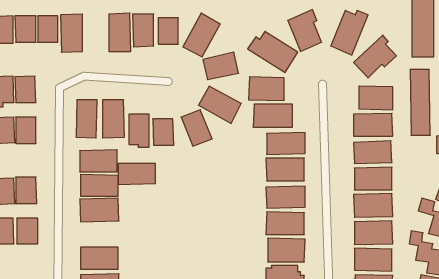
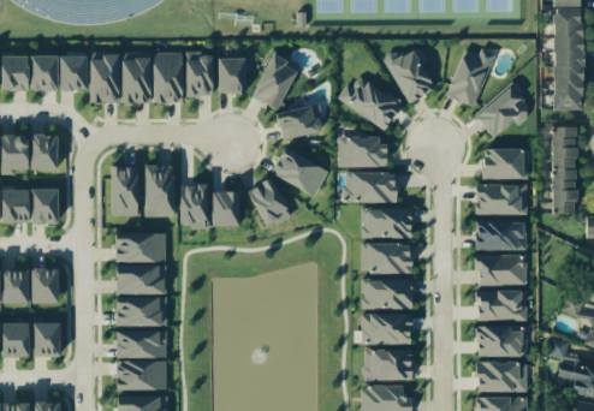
building: none -> [121,52,152,103]
building: [118,164,155,184] -> [117,330,166,358]

